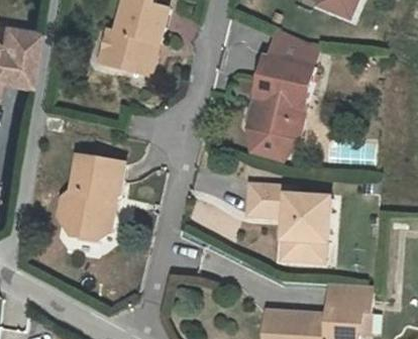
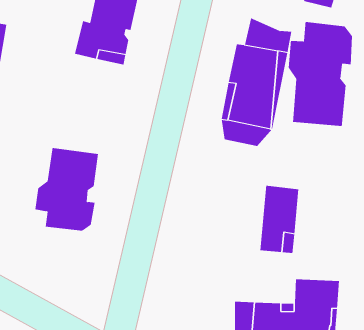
building: none -> [288,21,353,127]
building: [248,182,290,257] -> none

